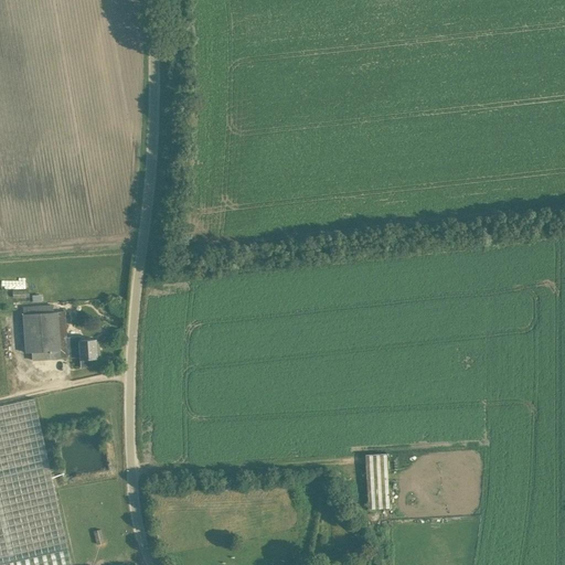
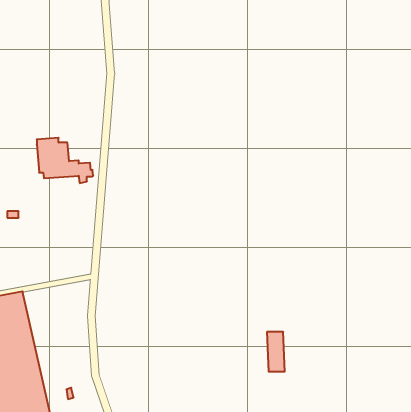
building: [20,307,97,369] -> [37,138,93,183]

